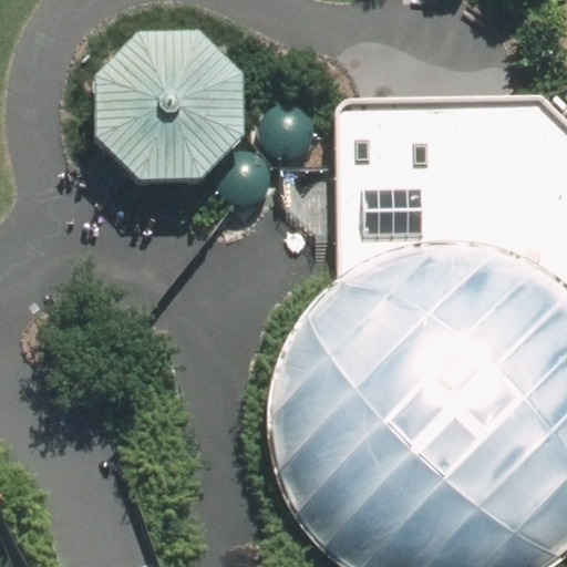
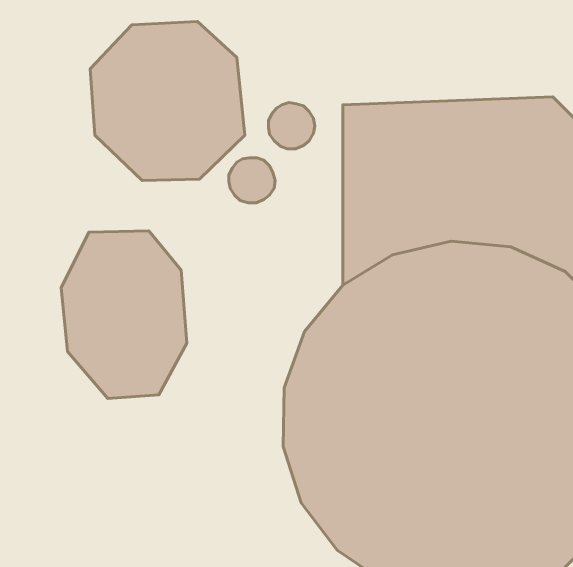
building: none -> [61,231,187,398]

